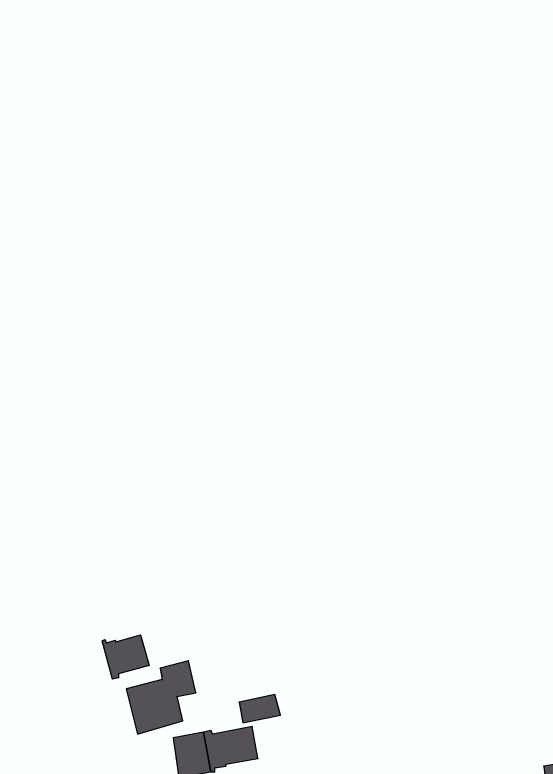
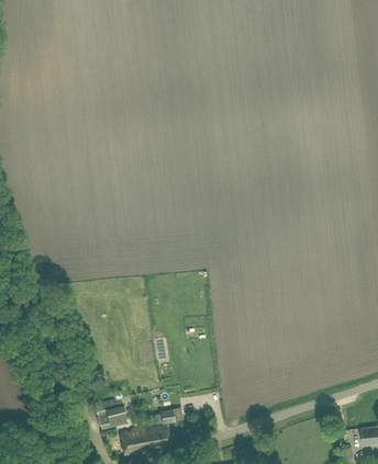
building: [102,635,149,679] -> none

